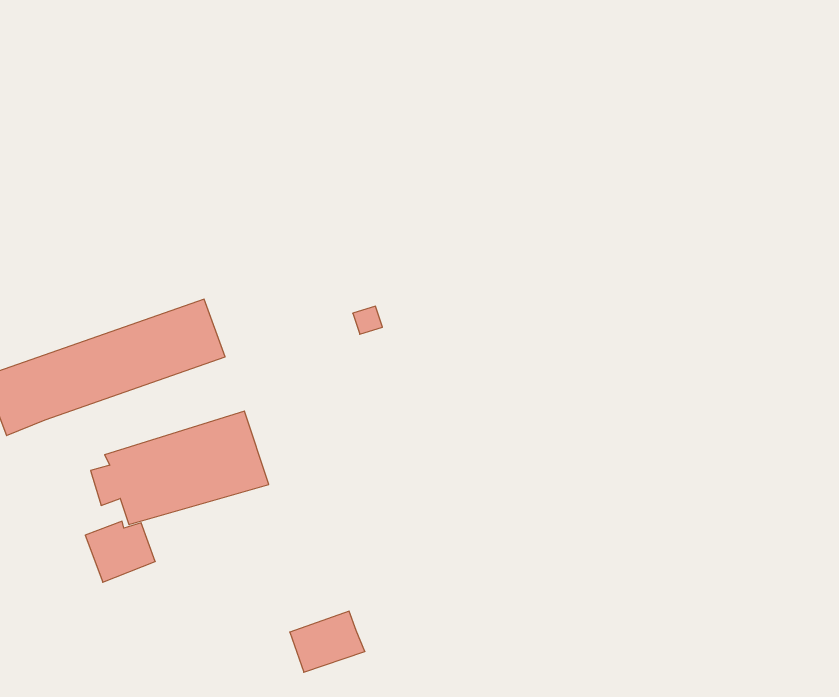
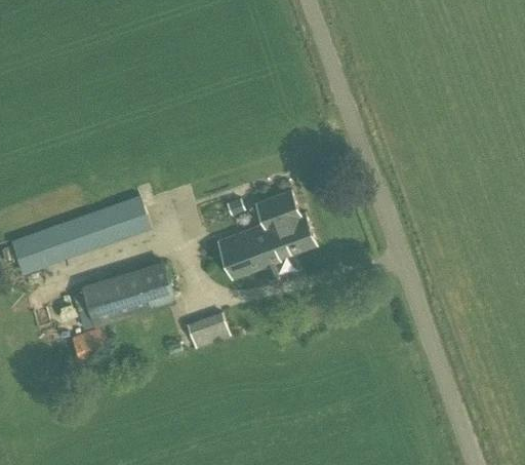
building: none -> [216,192,315,281]
building: [290,611,365,672] -> [186,313,230,349]

